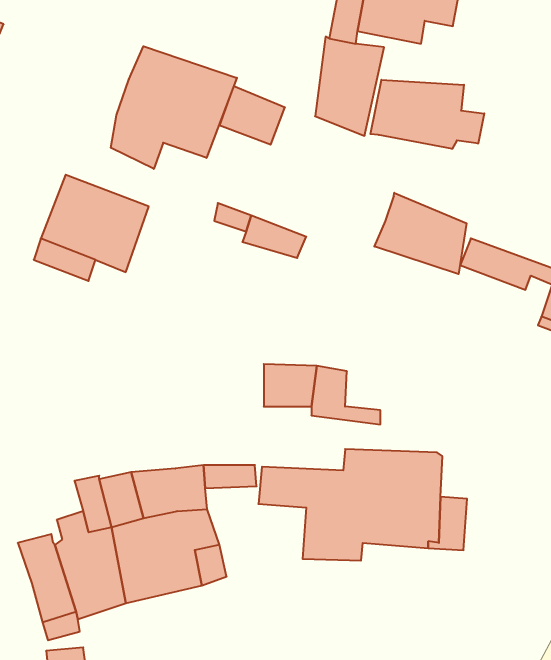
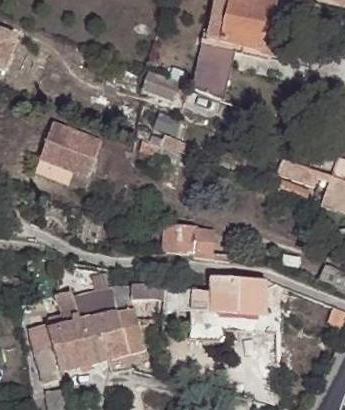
building: [111,46,237,169] -> none
building: [370,80,484,149] -> none
building: [374,193,467,274] -> none

